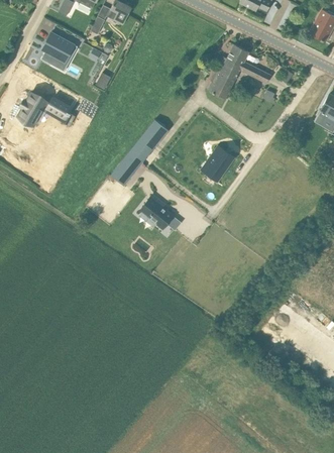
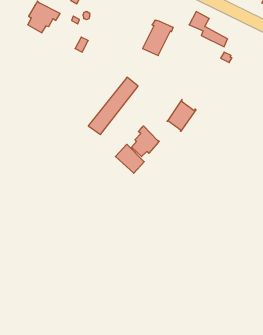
building: [207,58,242,98] -> [143,20,173,56]
building: [20,94,69,127] -> none
building: none -> [131,126,159,157]

